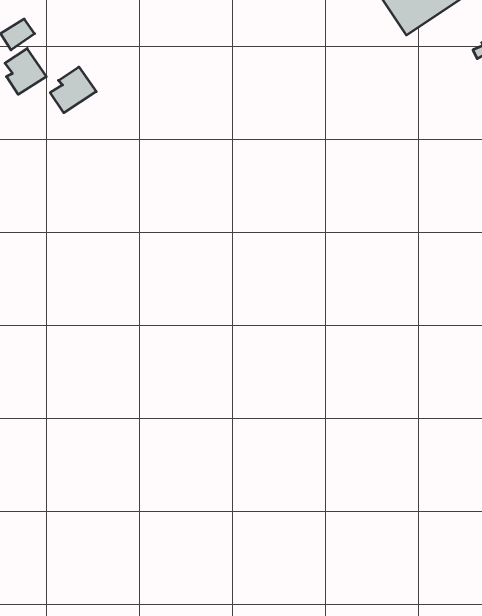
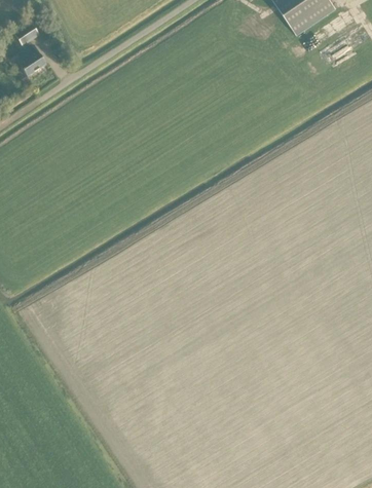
building: [50,67,96,113] -> none

